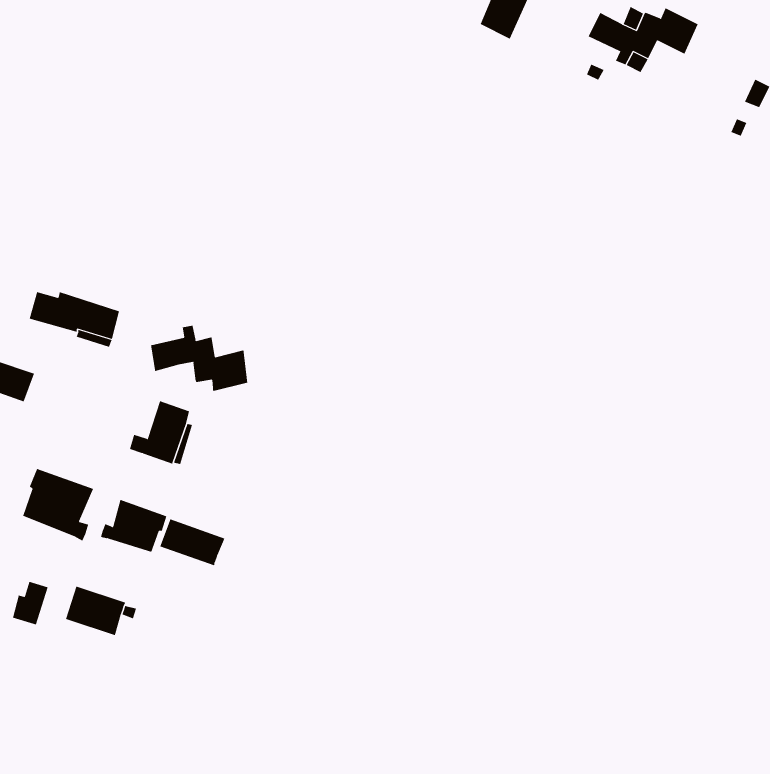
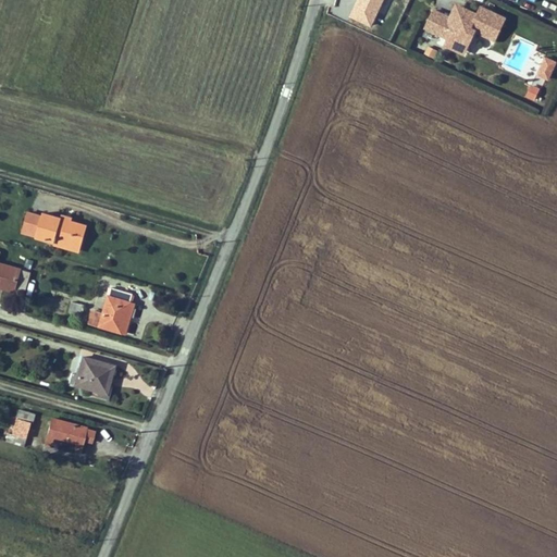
building: [151,325,248,392] -> none
building: [22,468,94,541] -> none
building: [160,519,225,566] -> none

